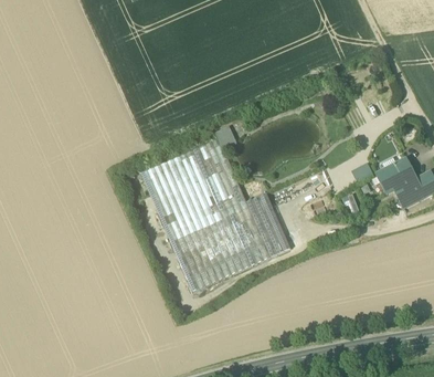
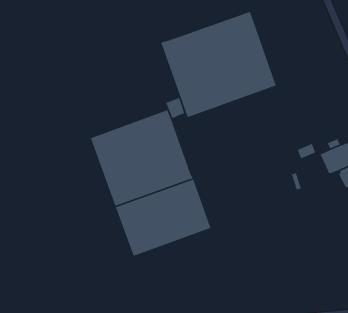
building: none -> [160,11,277,118]
building: [246,192,290,255] -> none

